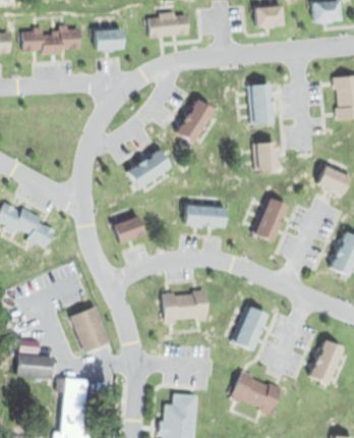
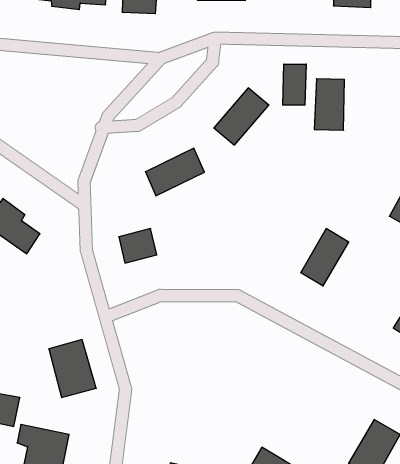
building: none -> [283,64,306,105]
building: [256,143,278,169] -> none
building: [184,203,226,227] -> none
building: [161,288,208,322] -> none
building: [233,307,269,350] -> none

